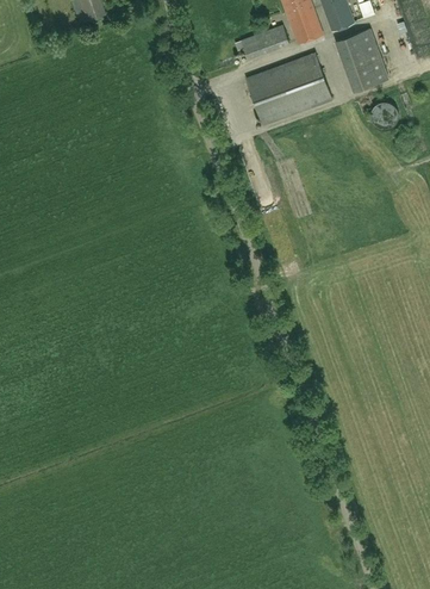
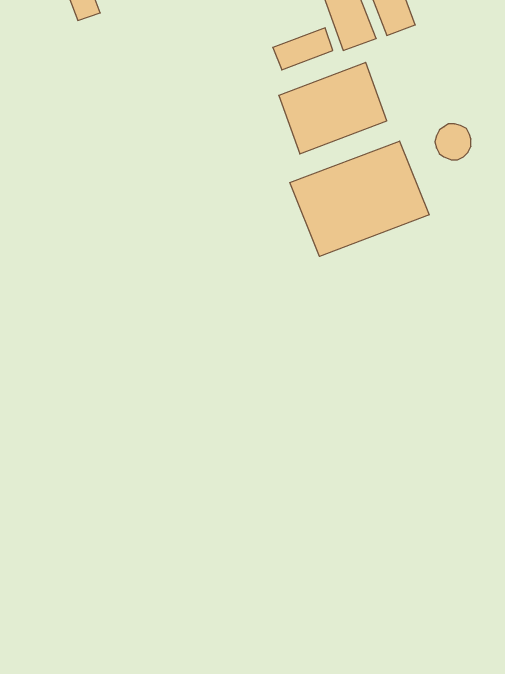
building: [335,29,387,91] -> none
building: none -> [290,141,429,256]

